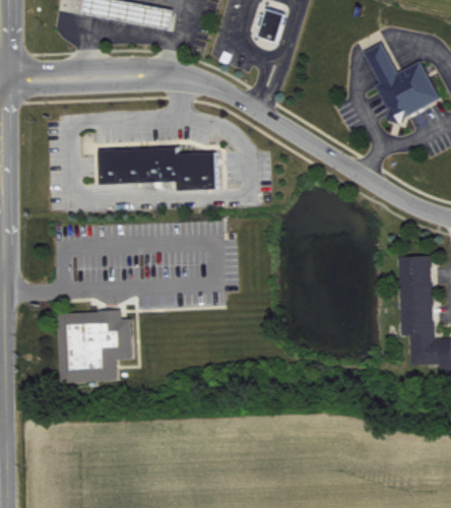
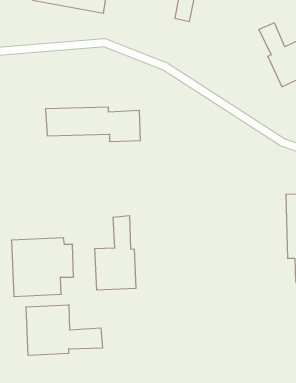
building: none -> [95,216,136,290]
building: none -> [26,305,103,355]

